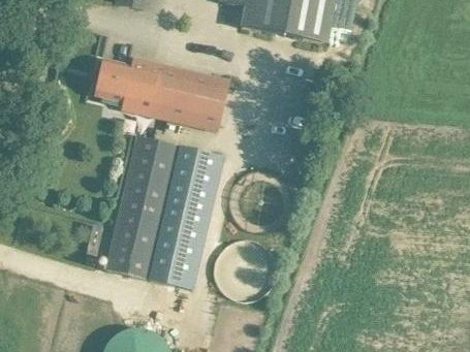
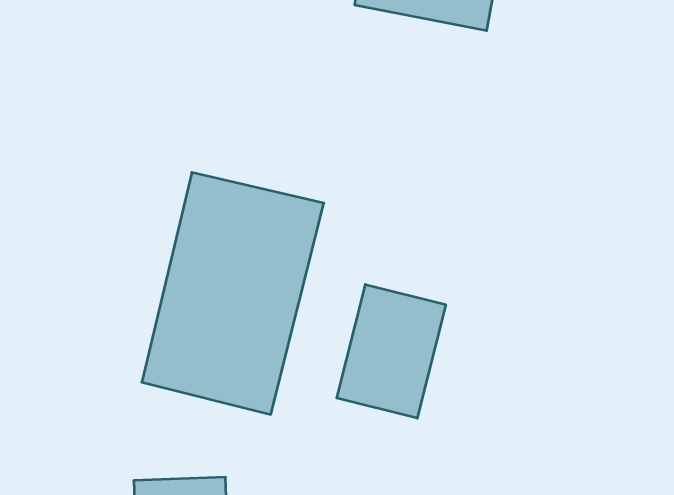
building: [95,56,229,130] -> none
building: none -> [337,284,446,418]

